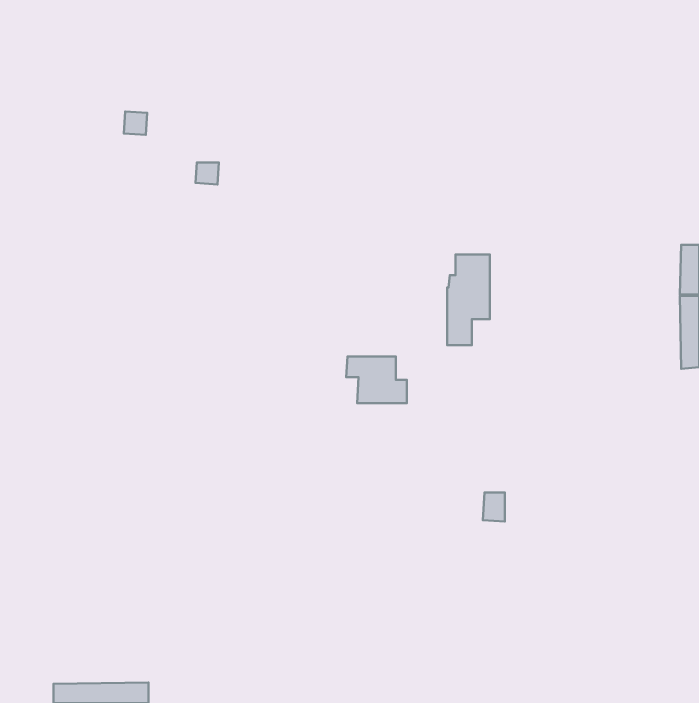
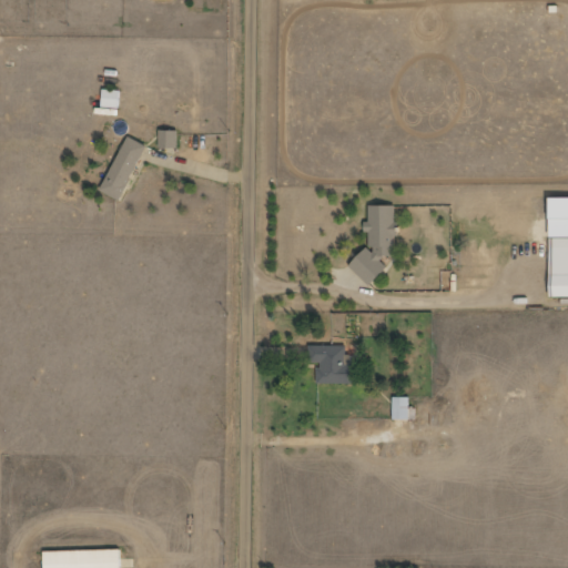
building: none -> [100,136,145,201]
building: [346,356,407,403] -> [306,346,355,384]

